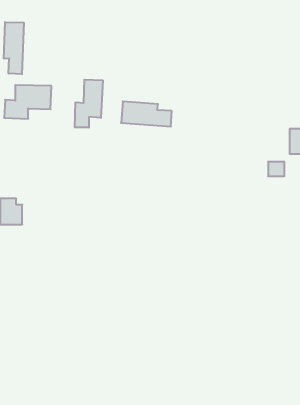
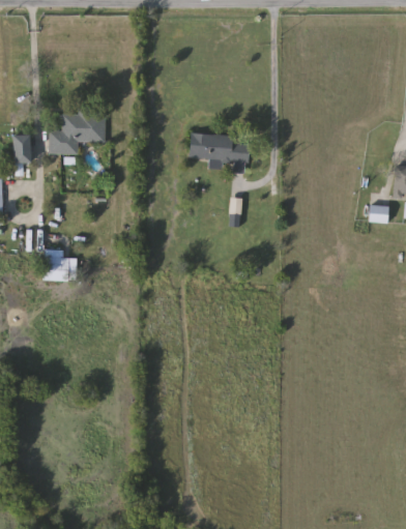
building: [4,22,24,74] -> none
building: [75,80,103,128] -> none

